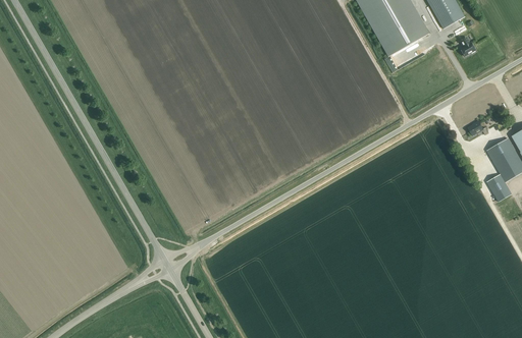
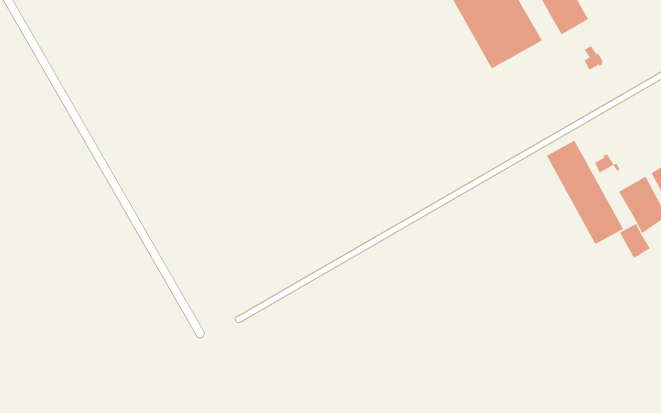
building: none -> [546,140,624,245]

